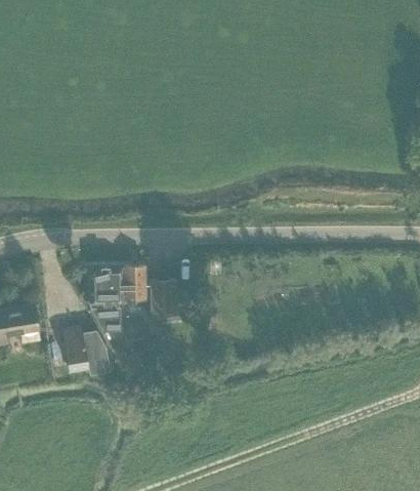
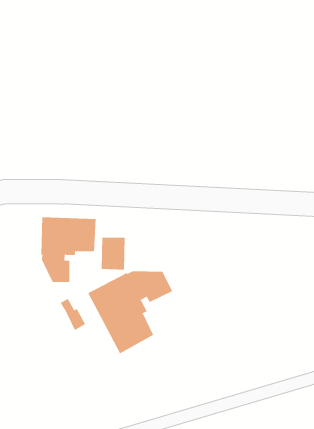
building: none -> [87,270,173,354]
building: [61,327,110,374] -> none

